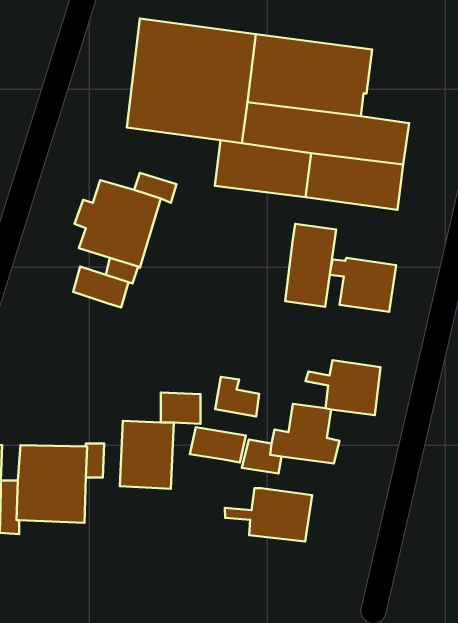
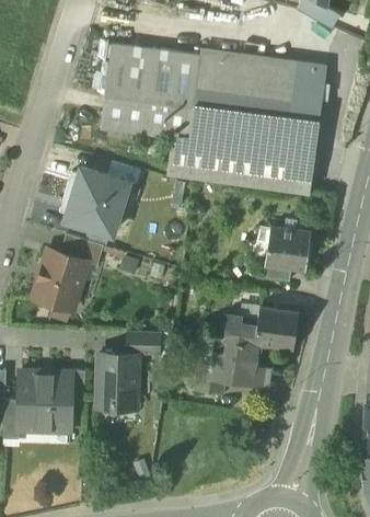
building: none -> [282,67,327,124]
building: [285,224,336,307] -> none
building: none -> [32,250,86,308]
building: [215,377,259,416] -> [223,313,257,344]
building: [190,427,246,463] -> none
building: [225,488,312,542] -> none

